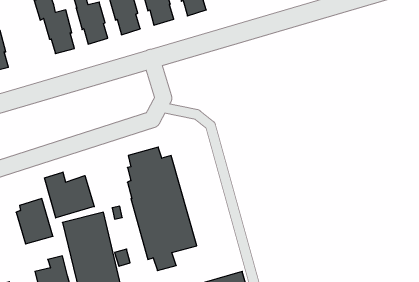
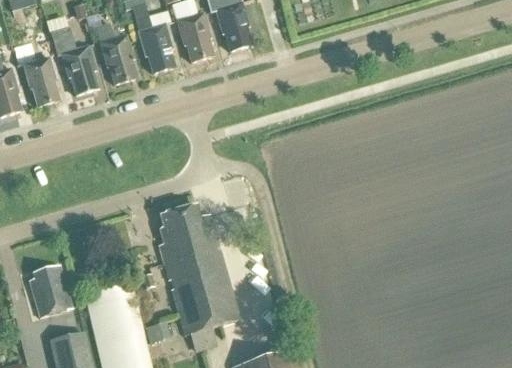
building: none -> [18,43,59,105]
building: [44,172,94,218] -> none

